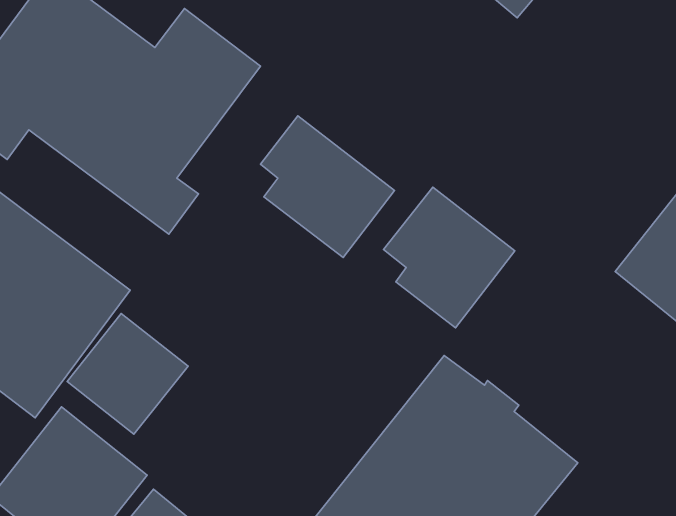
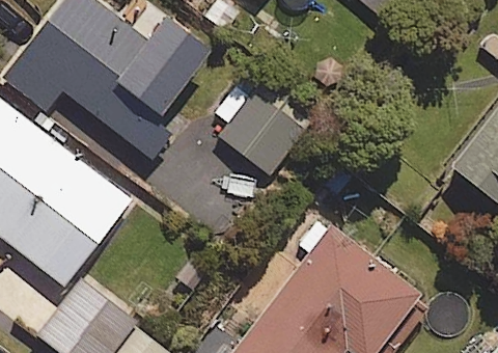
building: [384,187,515,328] -> none
building: [67,313,188,434] -> none

